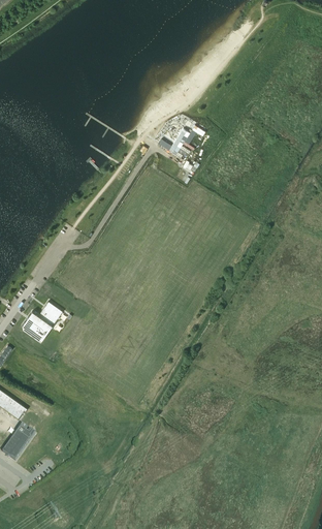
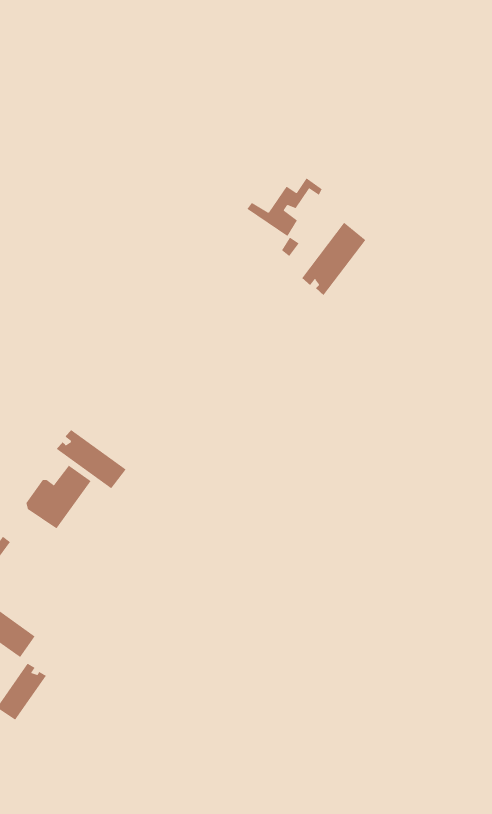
building: none -> [301,222,366,296]
building: none -> [56,429,126,489]

